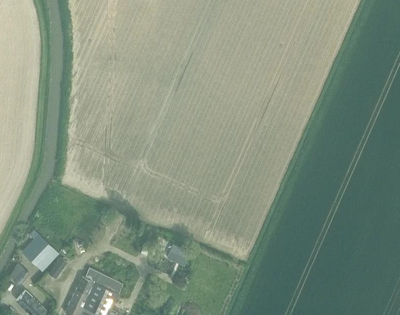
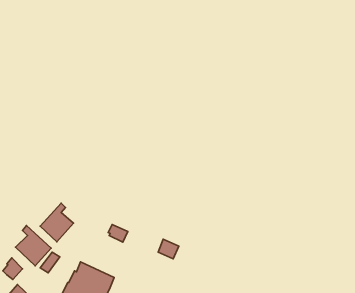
building: none -> [40,203,74,242]

